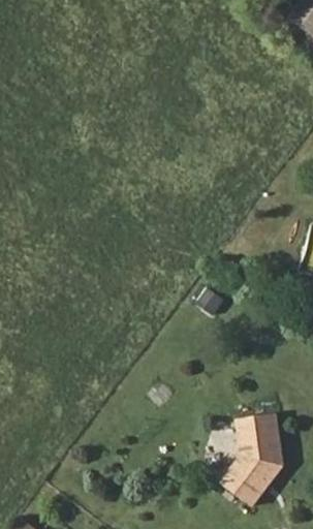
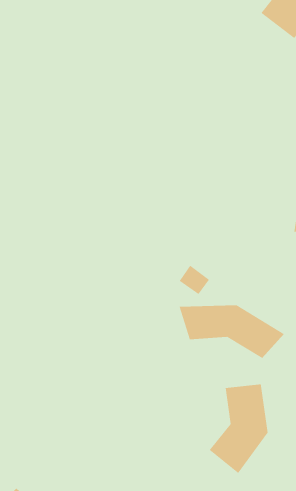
building: none -> [179,304,285,359]

